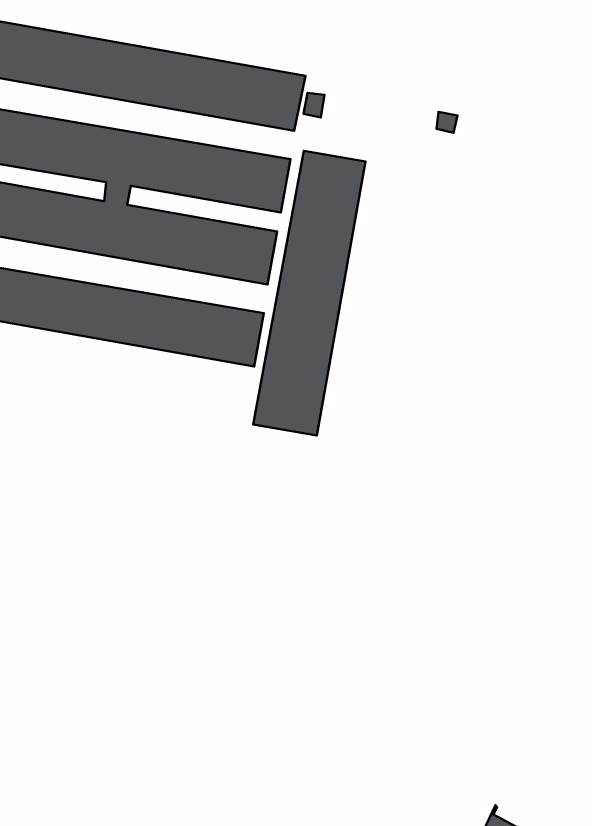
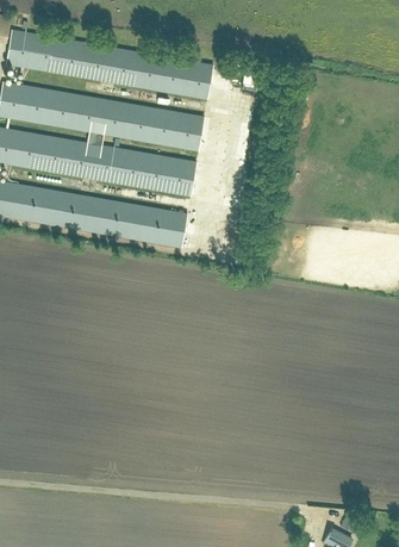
building: [253,151,365,436] -> none

